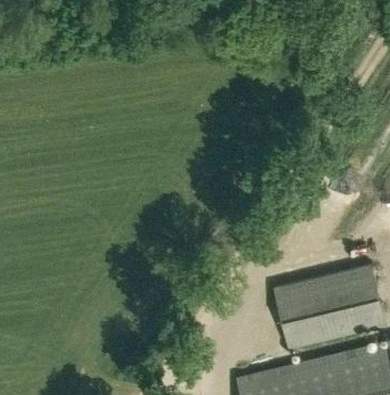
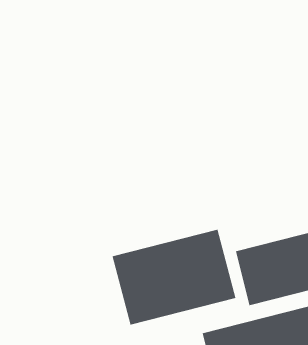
building: none -> [112,229,236,326]

